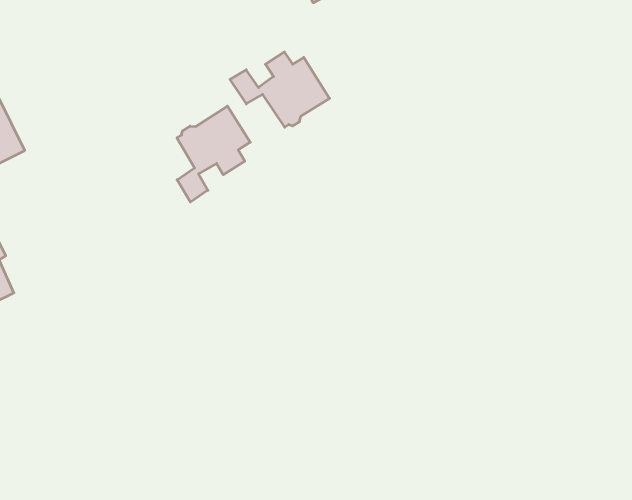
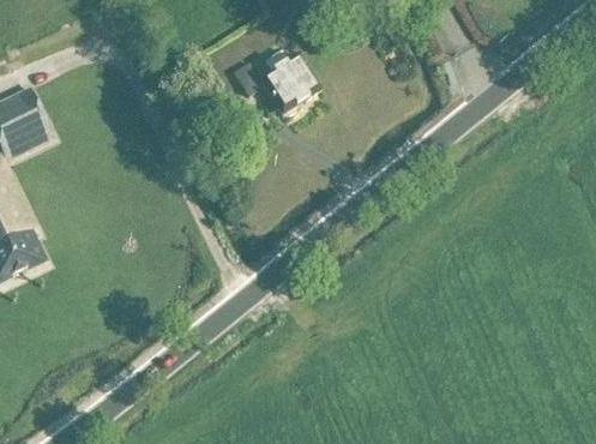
building: [177,106,250,202] -> none

